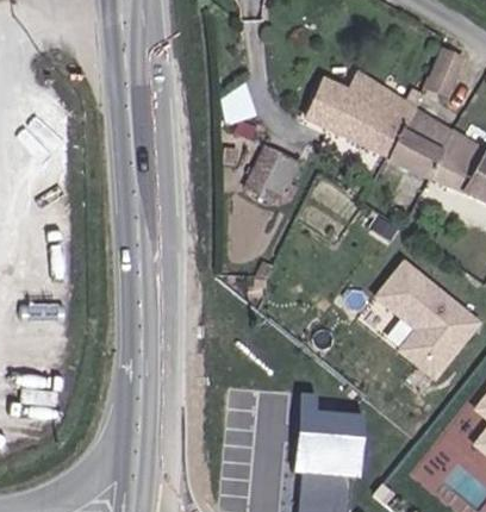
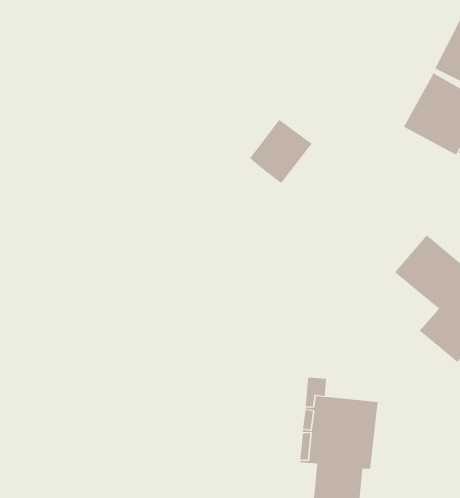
building: [306,79,411,160] -> none

